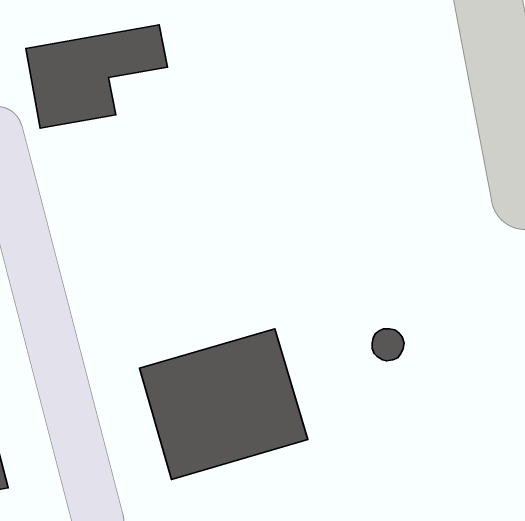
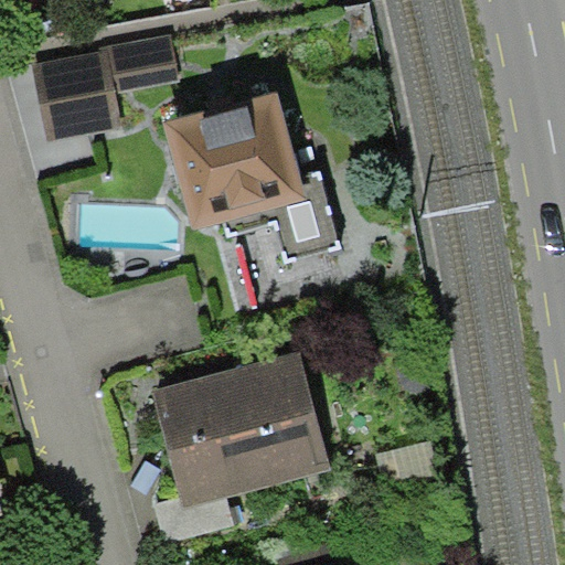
building: none -> [169,94,345,264]

